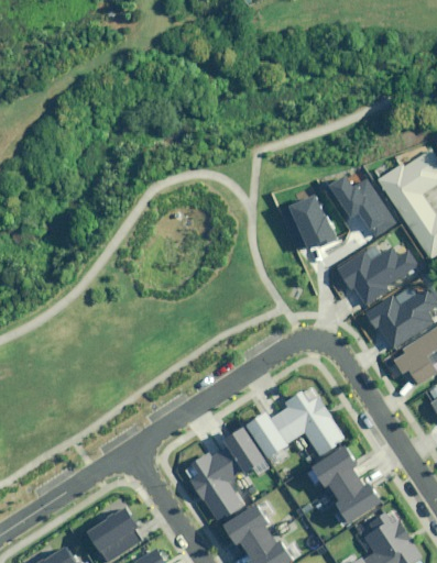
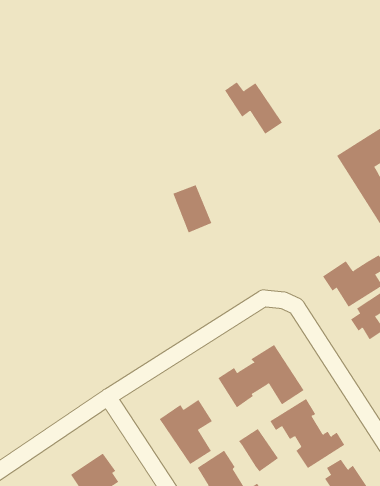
building: [330,178,395,236] -> [224,82,283,134]
building: [288,196,332,250] -> [172,184,212,233]
building: [336,250,417,303] -> none
building: [225,430,270,478] -> [238,428,279,472]

